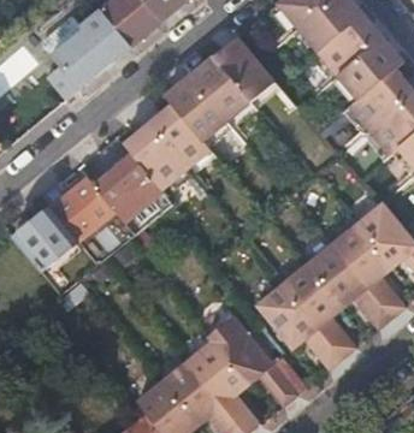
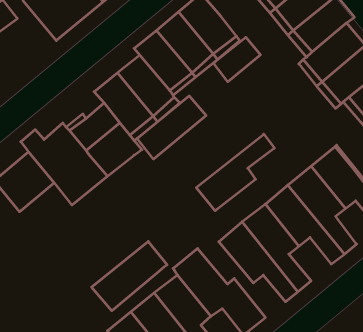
building: none -> [214,37,260,82]
building: none -> [137,96,206,159]
building: none -> [196,134,274,211]
building: none -> [92,241,167,311]

